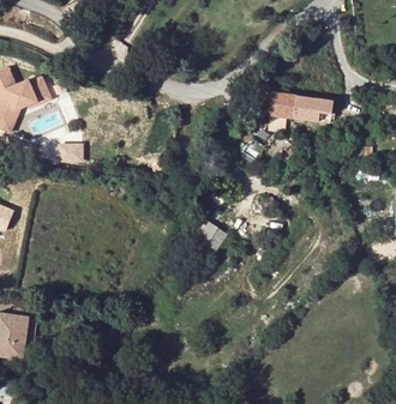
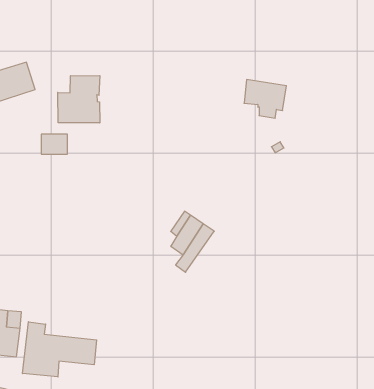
building: none -> [58,76,100,123]
building: [293,95,332,123] -> none
building: none -> [23,322,97,377]

